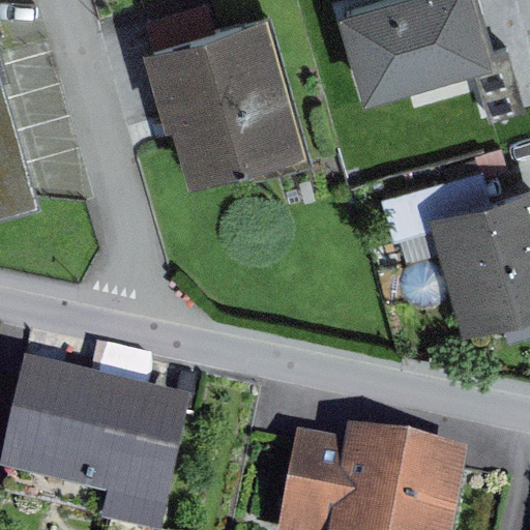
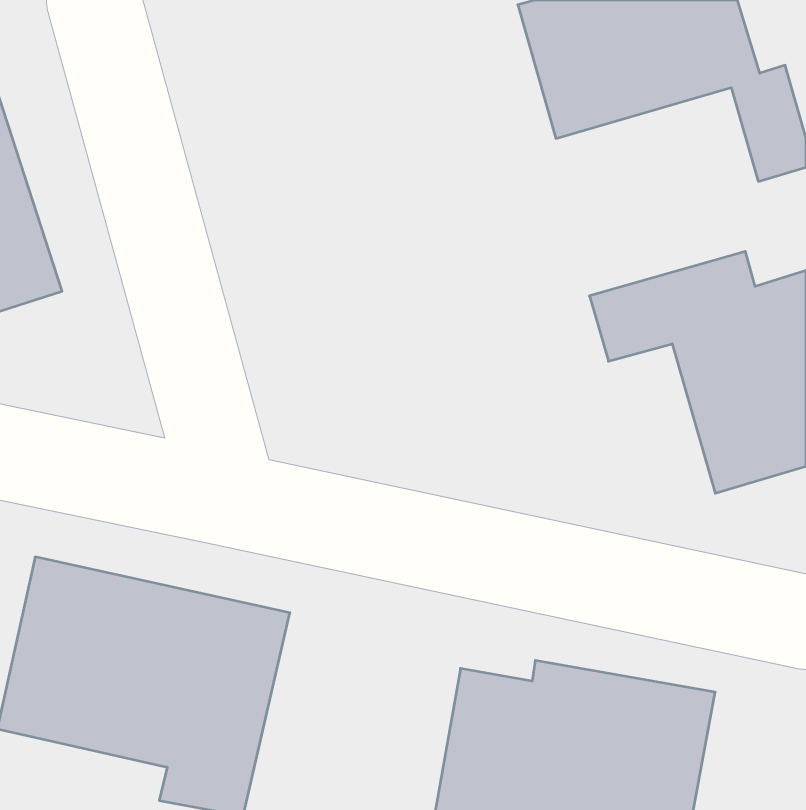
building: [140,8,300,180] -> none

